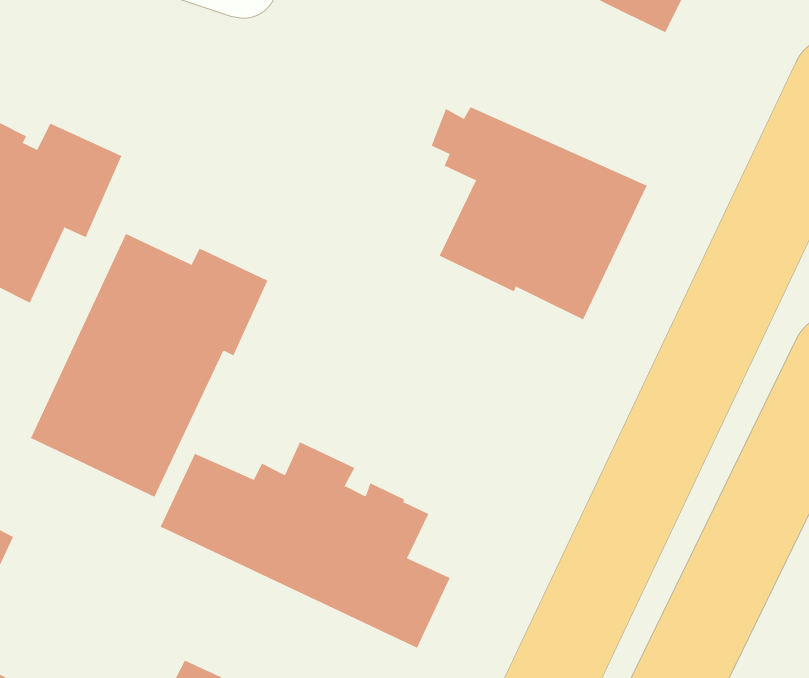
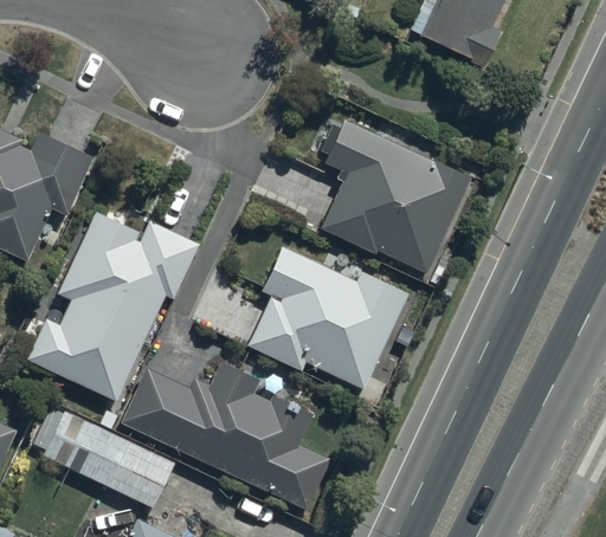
building: none -> [246,246,410,389]
building: none -> [32,403,174,507]

